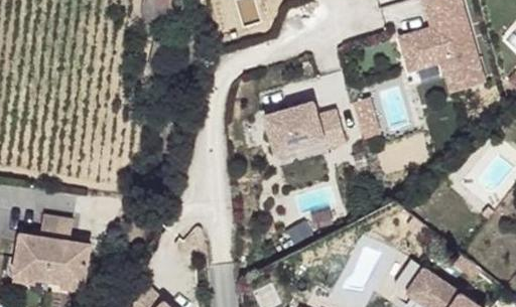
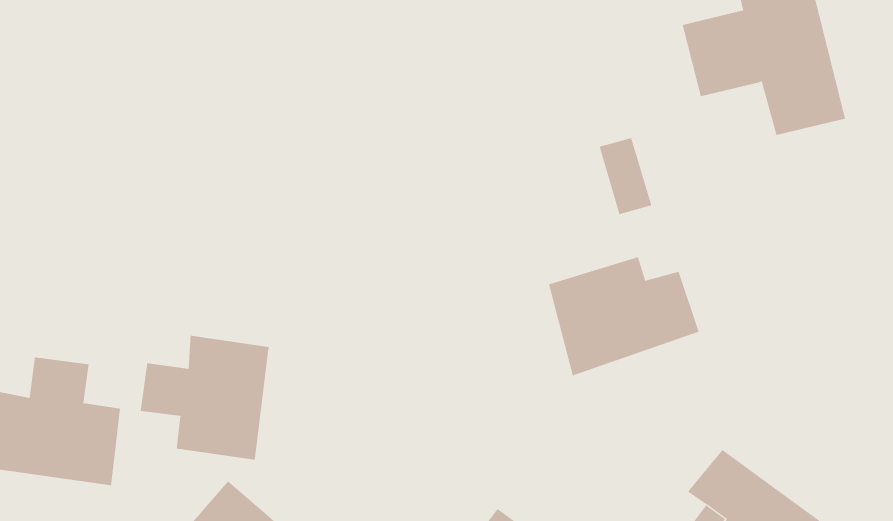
building: [264,103,347,168] -> [548,256,699,376]
building: none -> [140,335,269,461]

